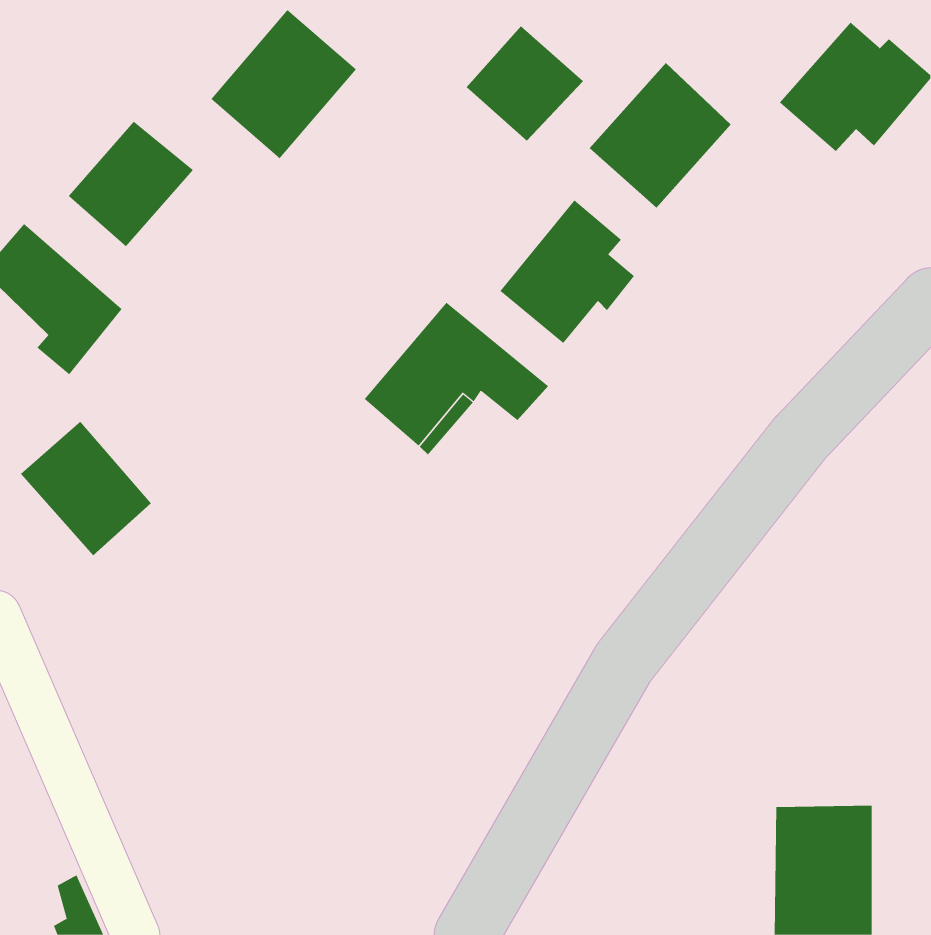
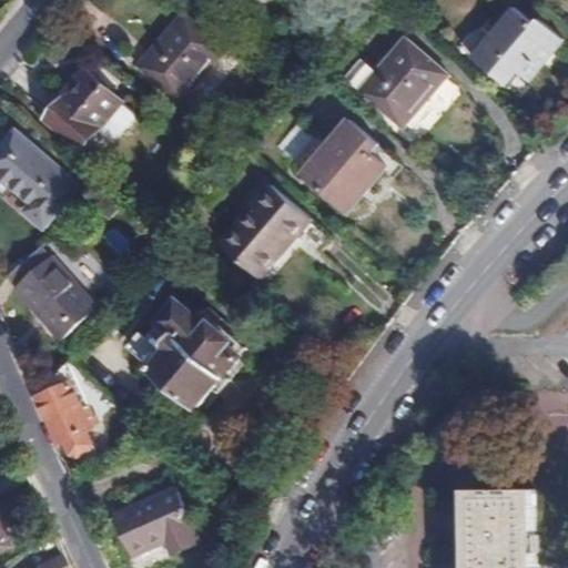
building: [466,25,584,142] -> none
building: none -> [135,301,239,403]
building: none -> [33,351,93,454]
building: none -> [111,487,199,557]

